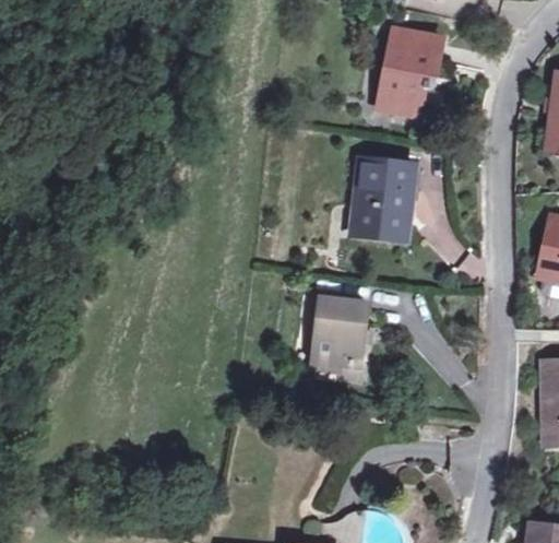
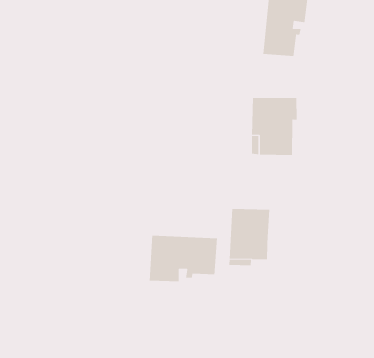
building: none -> [149,235,218,282]

